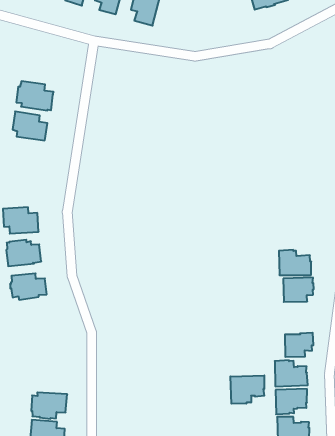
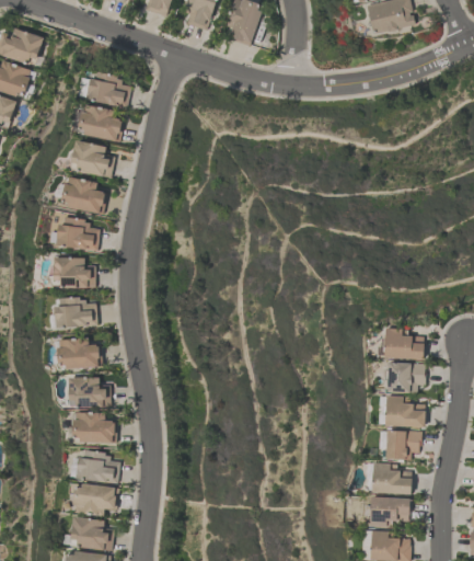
building: none -> [85,71,130,106]
building: none -> [61,176,107,213]
building: none -> [56,216,99,250]
building: none -> [68,377,109,407]
building: none -> [385,396,425,426]
building: none -> [72,412,116,443]
building: none -> [77,450,119,483]
building: [230,375,264,404] -> none

